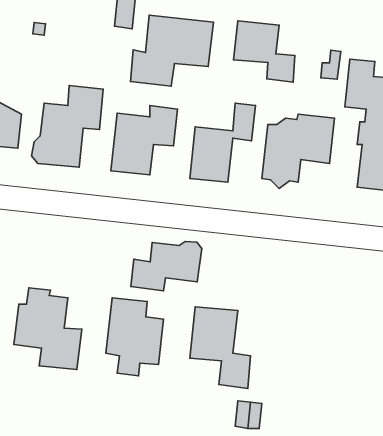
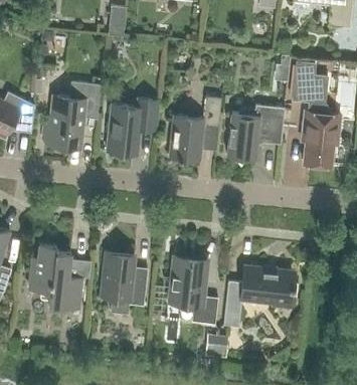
building: [130,15,214,86] -> none
building: [233,21,295,82] -> none
building: [131,242,202,291] -> none
building: none -> [223,266,293,327]

